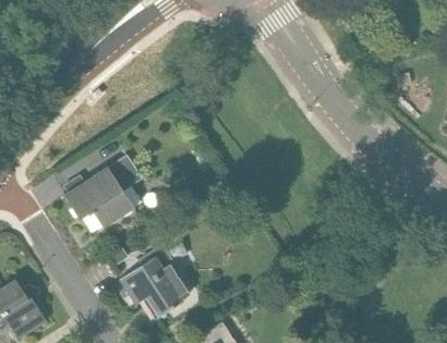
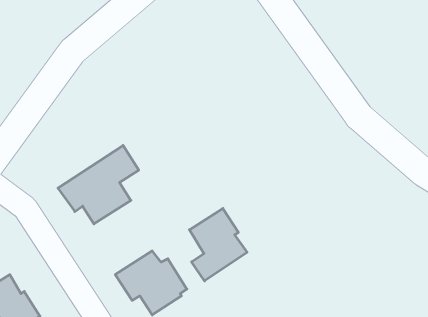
building: none -> [189,208,247,281]

